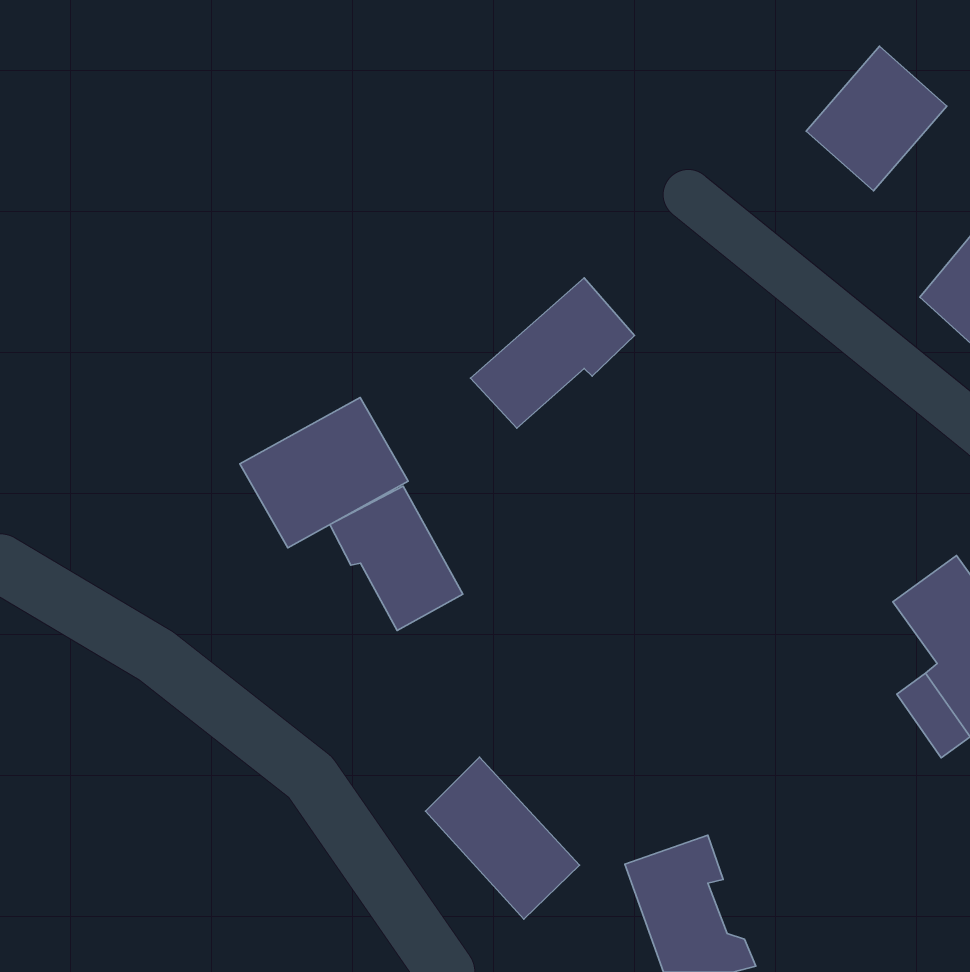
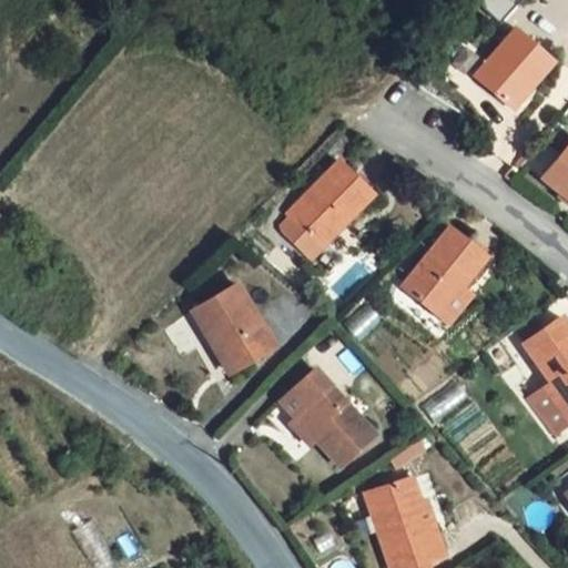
building: [240,397,408,548] -> none
building: none -> [407,234,487,315]
building: [425,757,580,919] -> [275,378,364,471]

